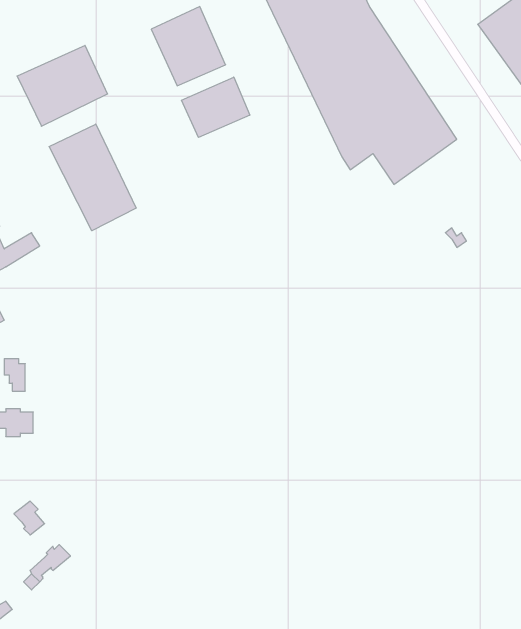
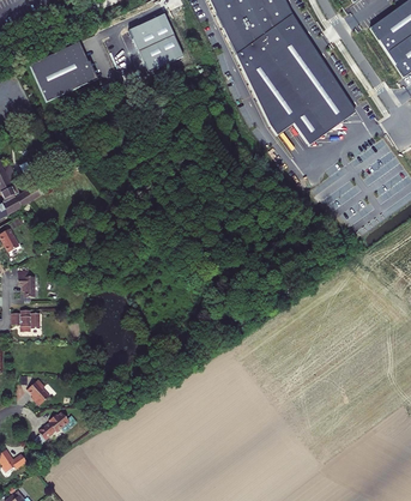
building: [182,77,250,137] -> none
building: [49,124,136,231] -> none

